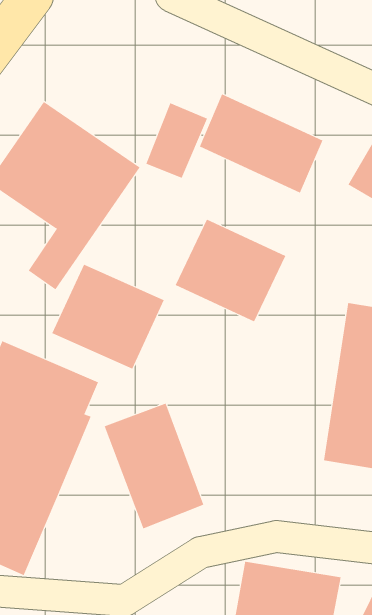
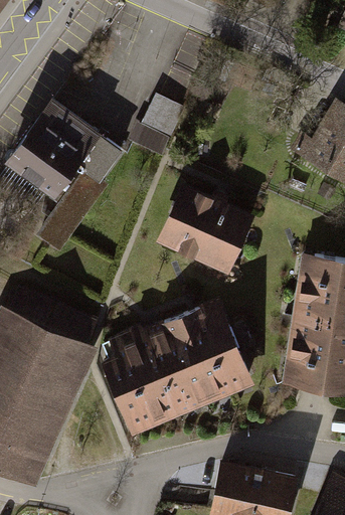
building: [199,93,323,193] -> none
building: [52,264,165,370] -> none
building: none -> [153,310,252,419]

